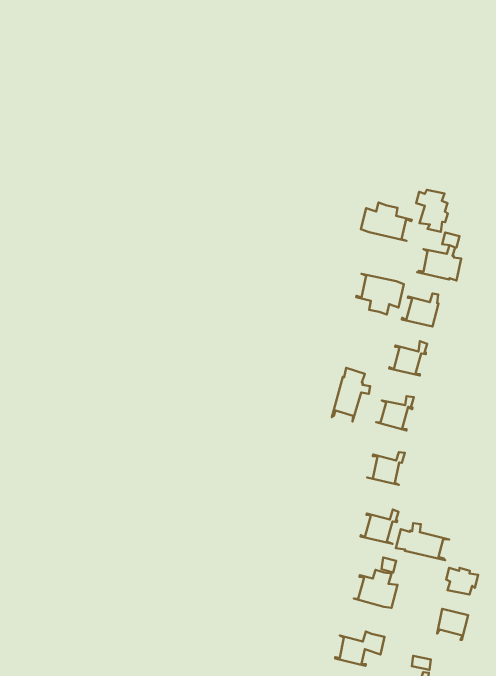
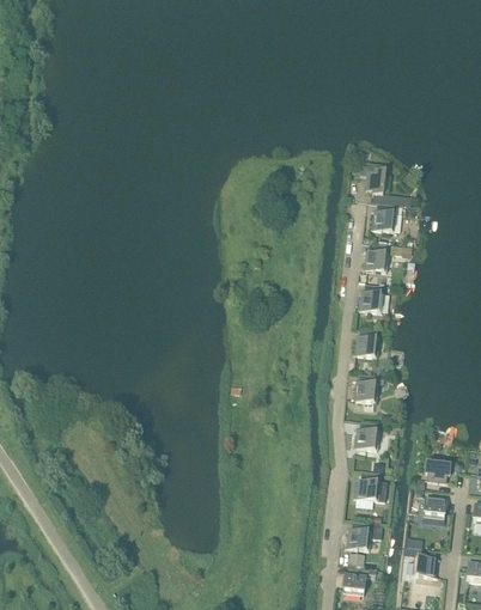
building: [361,202,412,241] -> none
building: [356,274,404,315] -> none
building: [332,368,370,422] -> none
building: [396,523,449,560] -> none

